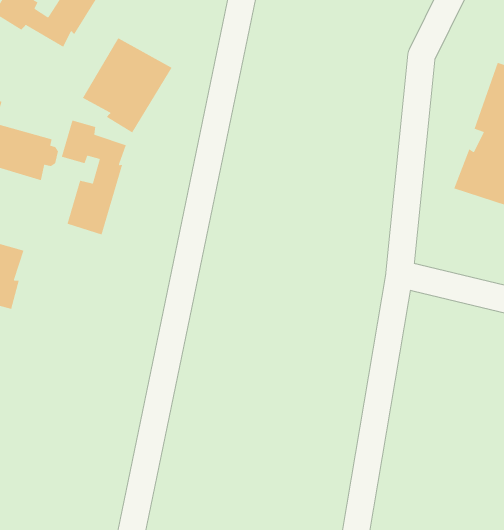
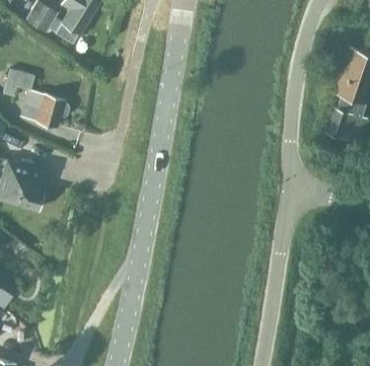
building: [82,24,179,133] -> none
building: [61,119,127,235] -> none

